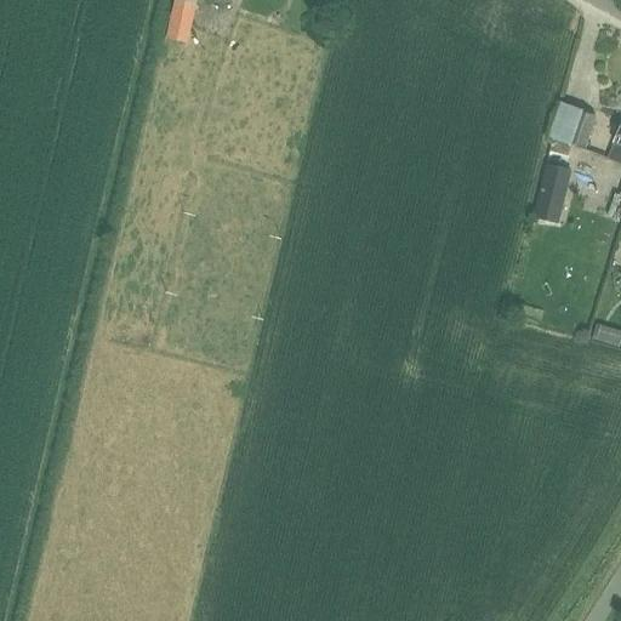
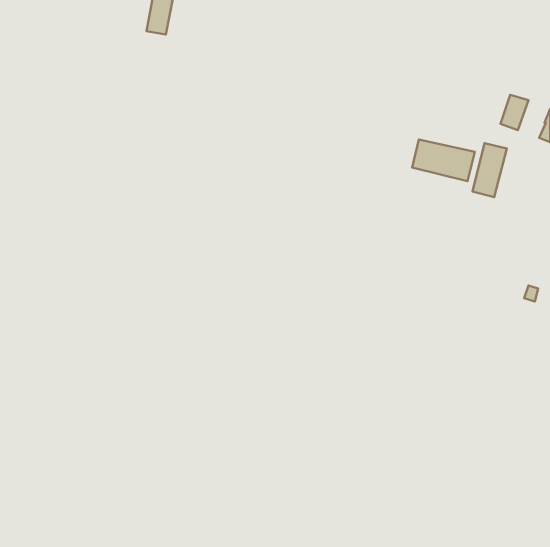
building: none -> [412,139,475,181]

